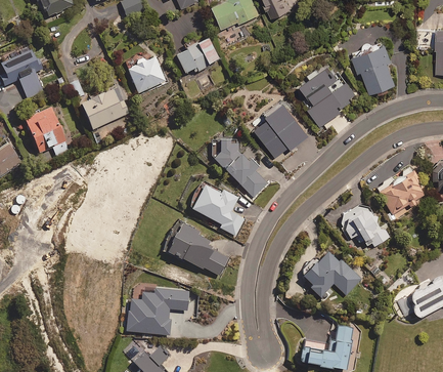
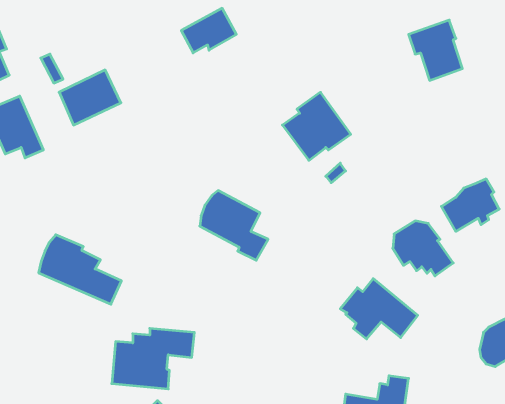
building: [128,56,167,92] -> none
building: [299,63,359,126] -> none
building: [212,139,267,197] -> none
building: [164,221,228,276] -> [39,235,121,304]

